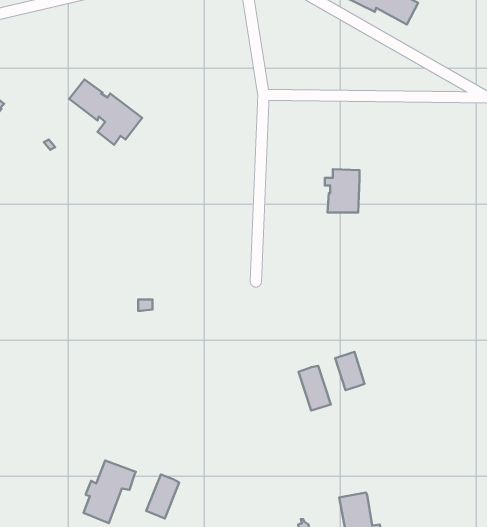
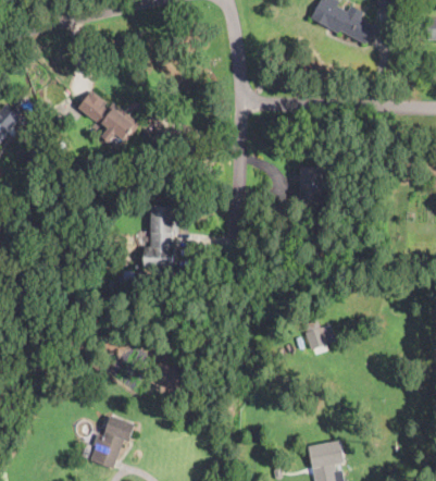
building: none -> [142,206,178,271]
building: [299,366,331,410] -> none
building: [146,475,179,518] -> none

